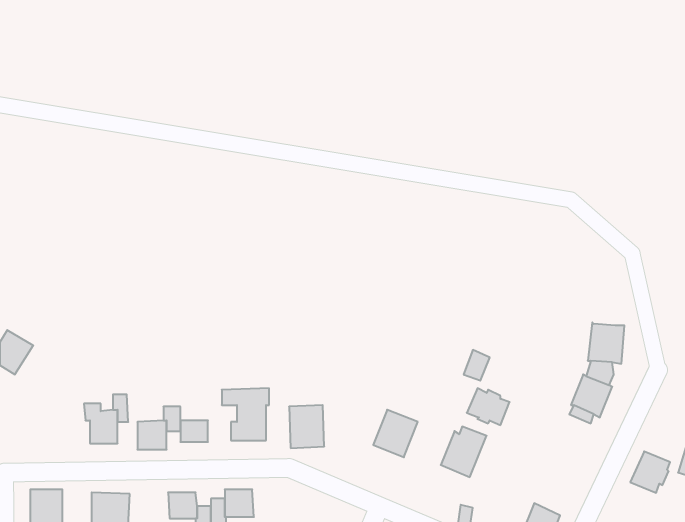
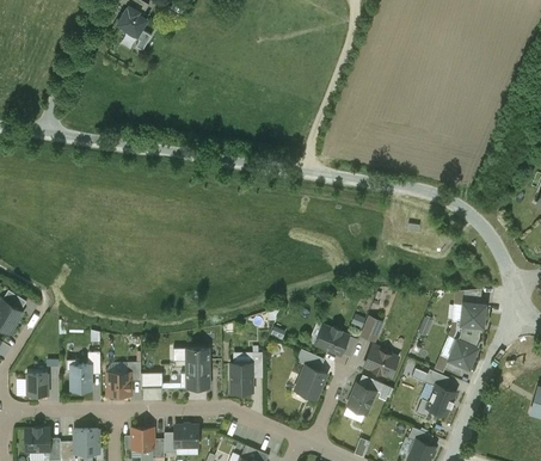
building: none -> [315,326,348,356]
building: none -> [26,369,48,395]
building: [630,451,670,493] -> [425,385,456,417]

